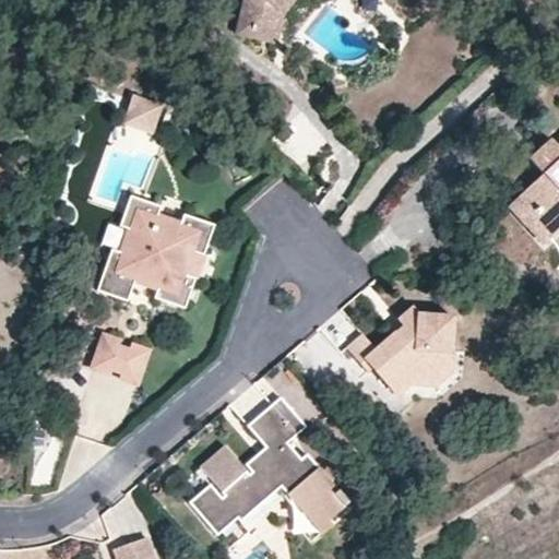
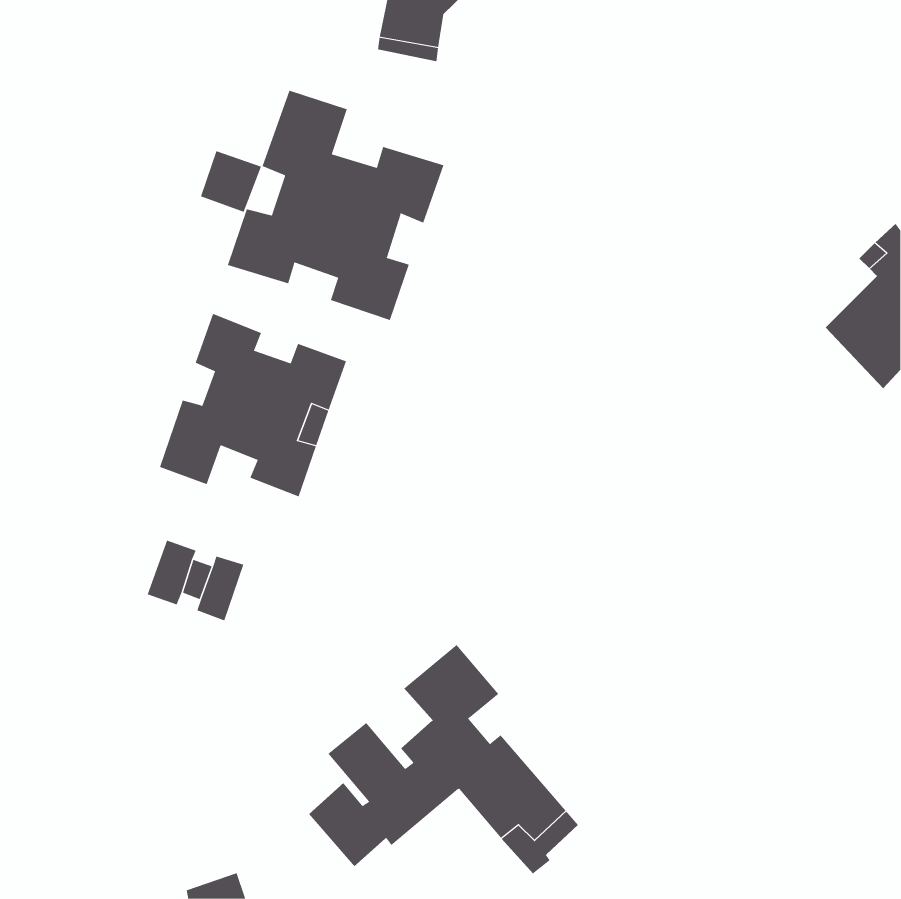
building: none -> [227,90,444,321]
building: [348,306,456,393] -> none

